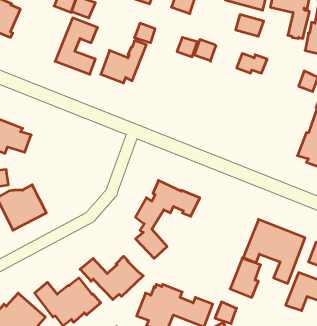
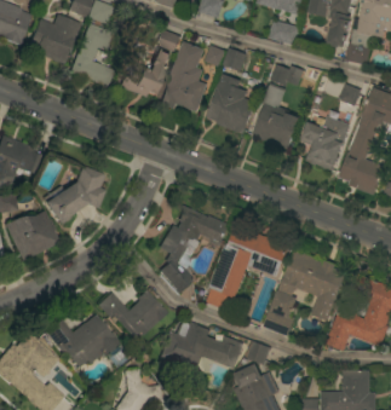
building: none -> [25,15,79,64]
building: none -> [159,41,207,111]
building: none -> [206,74,254,134]
building: none -> [252,82,299,149]
building: none -> [300,116,350,171]
building: none -> [41,166,104,224]
building: none -> [206,225,289,310]

